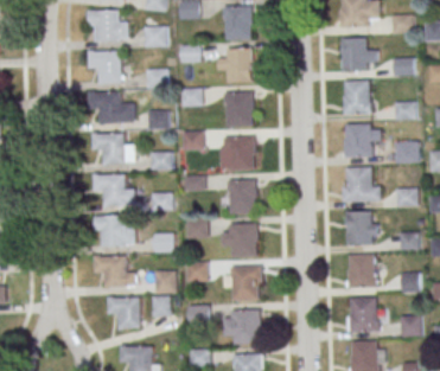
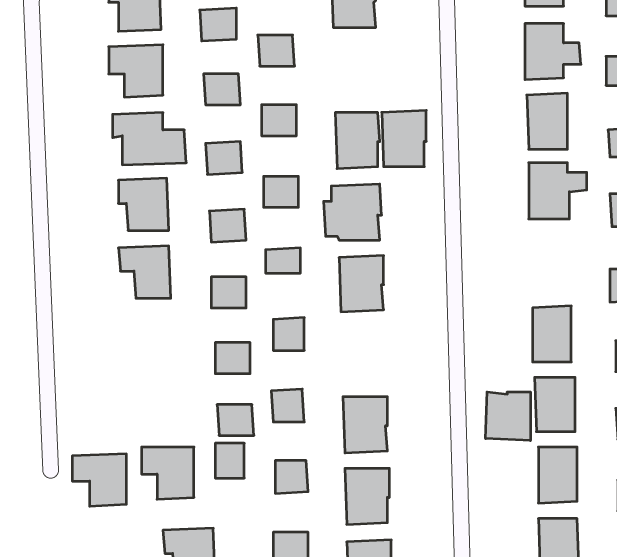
building: [225,46,253,81] -> [382,110,426,167]
building: [346,166,381,200] -> none
building: [95,213,135,247] -> none
building: [230,222,257,256] -> none
building: [94,255,127,287] -> [72,454,126,506]
building: none -> [486,392,530,441]

